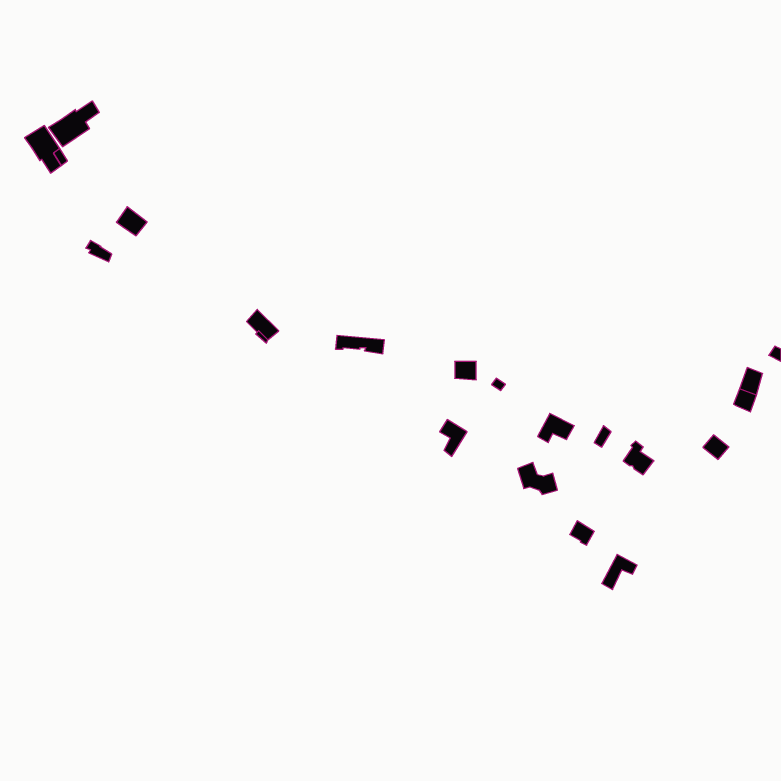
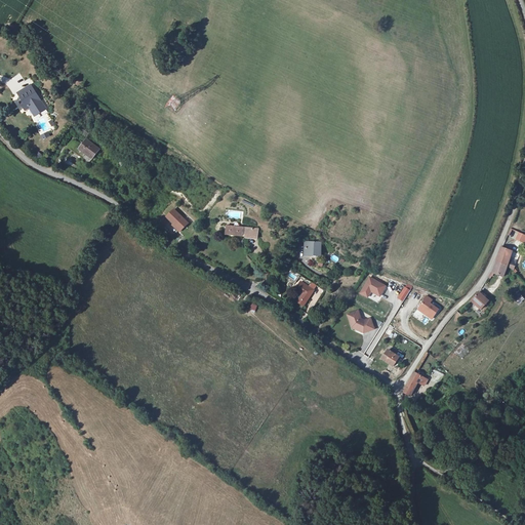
building: [49,101,99,147] -> none

